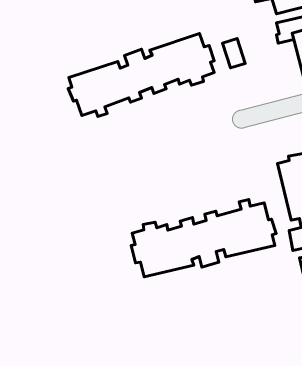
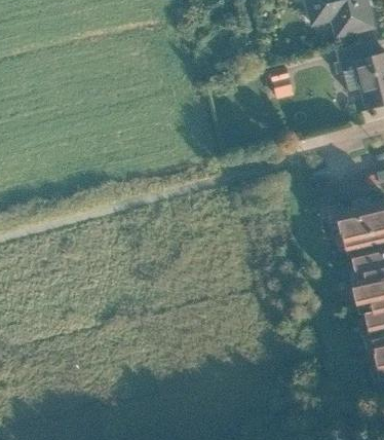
building: [68,34,214,117] -> none
building: [131,200,276,277] -> none

